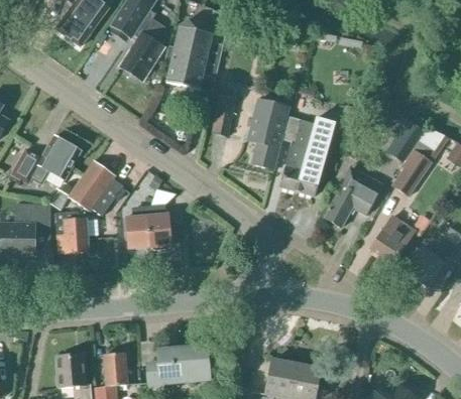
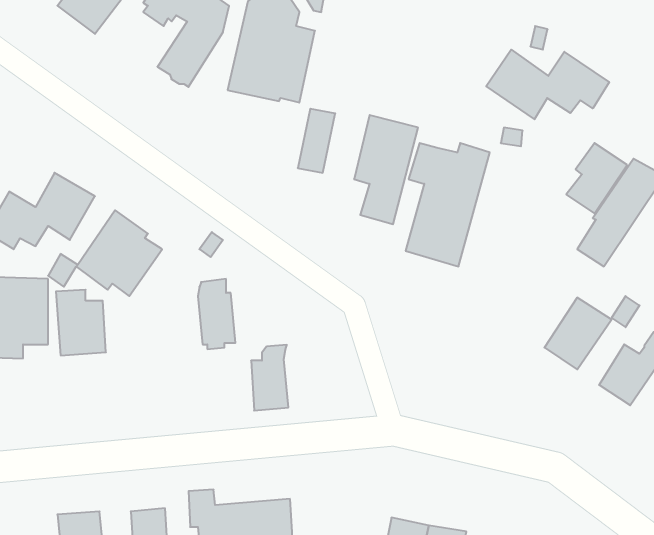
building: none -> [486,50,609,119]
building: [324,167,381,227] -> none
building: [125,207,149,249] -> [251,345,288,411]

